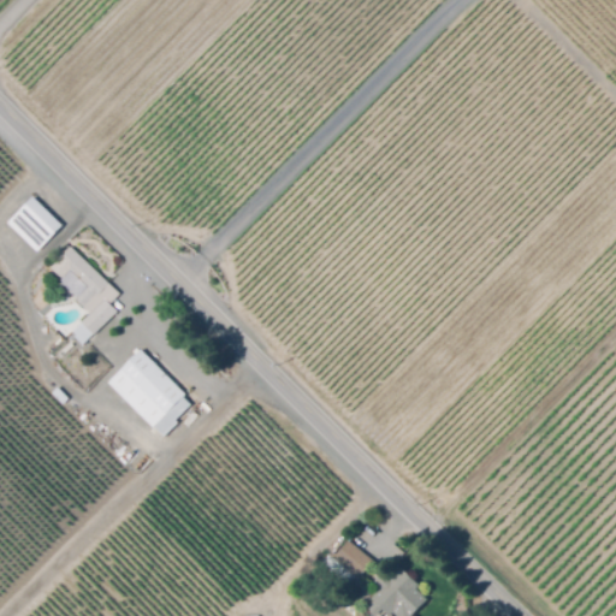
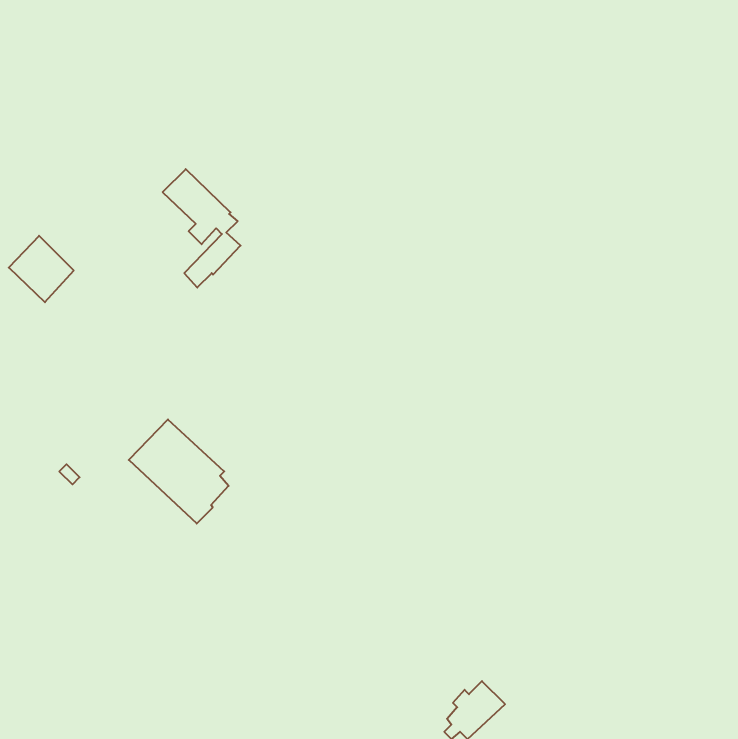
building: [52,247,117,345] -> [163,169,241,288]
building: [332,539,373,585] -> none

